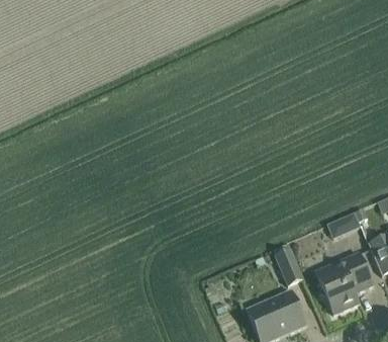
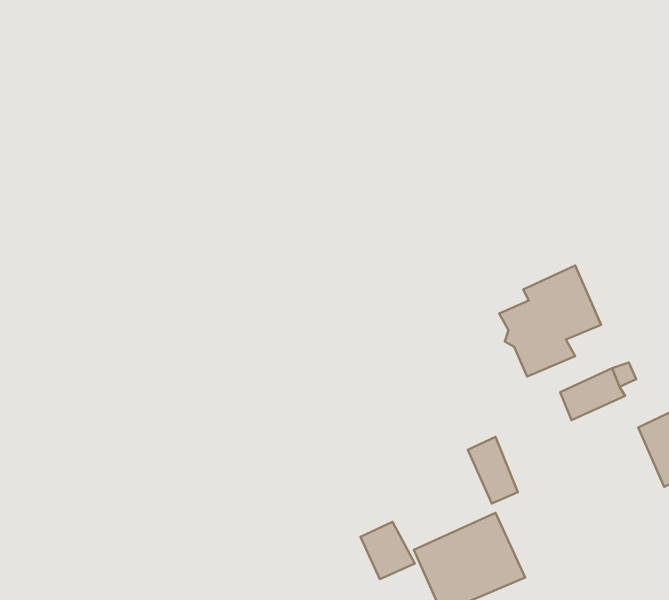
building: [318,252,374,313] -> [499,265,601,377]
building: none -> [361,522,415,579]

